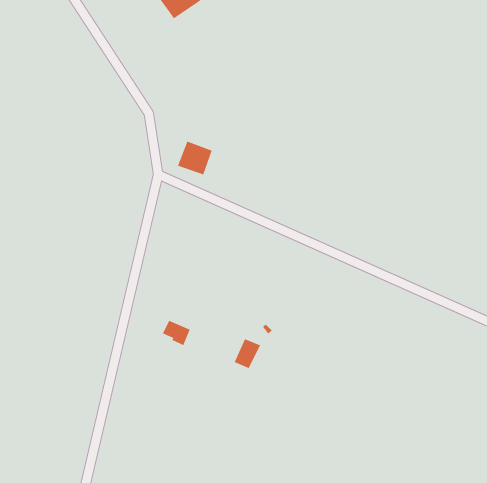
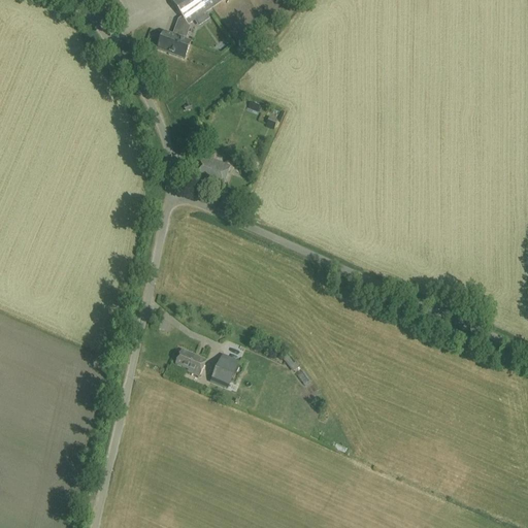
building: none -> [158,29,192,56]
building: [234,338,261,369] -> [210,354,239,387]

